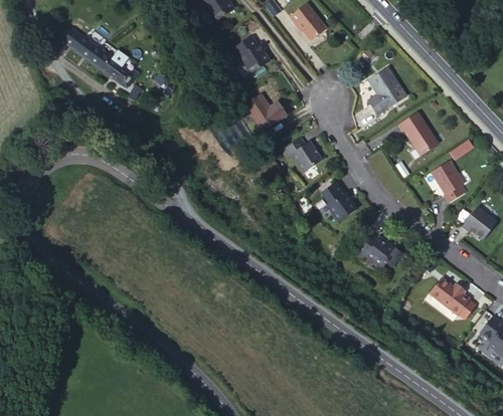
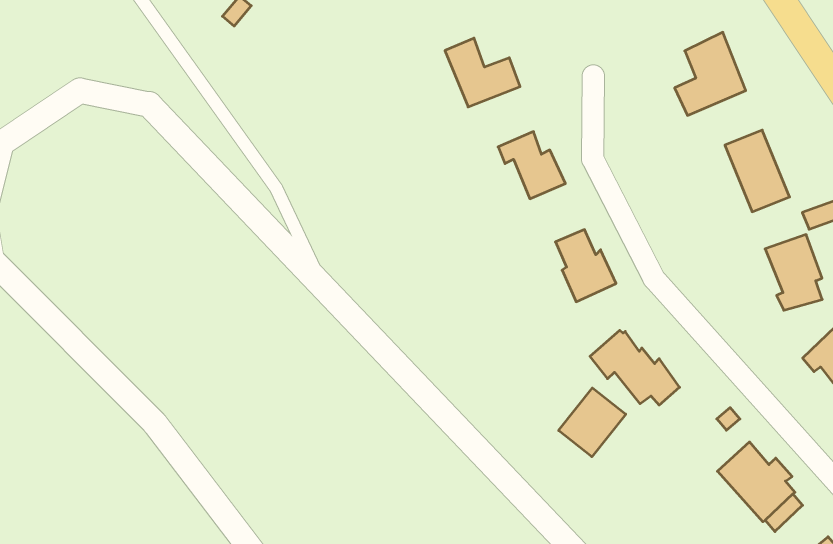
building: none -> [559,388,626,457]

